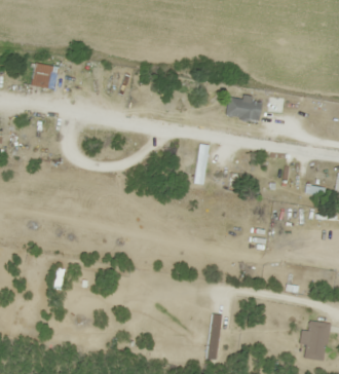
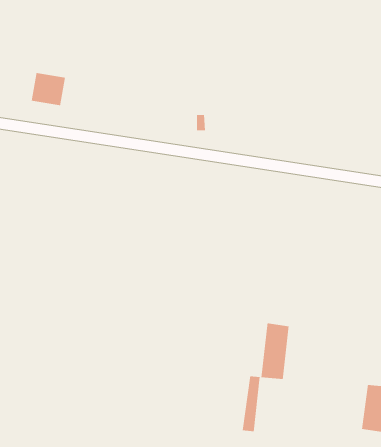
building: [226,95,263,121] -> none
building: none -> [261,322,289,380]

